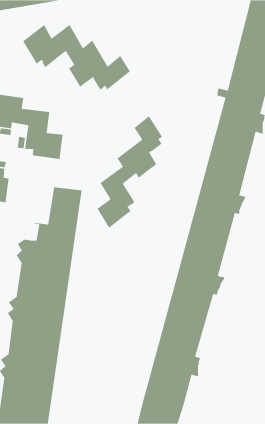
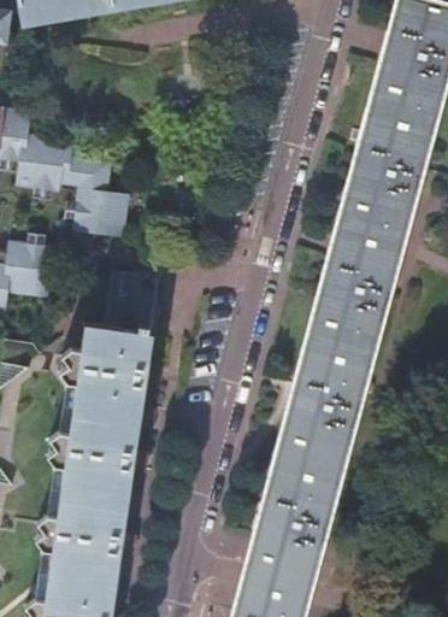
building: [22,24,131,91] -> none
building: [97,115,163,229] -> none

